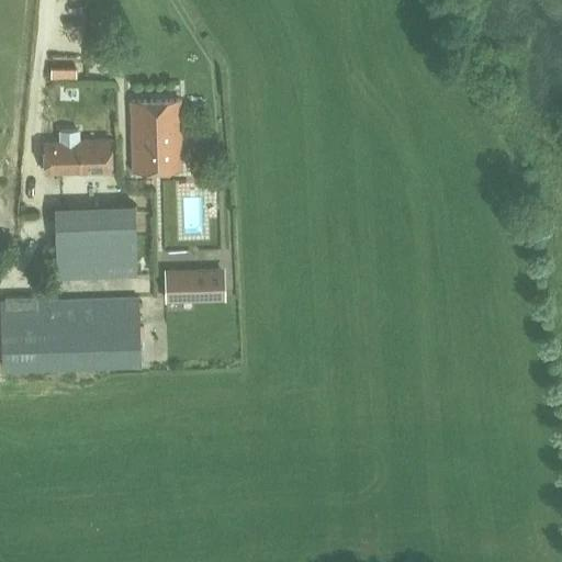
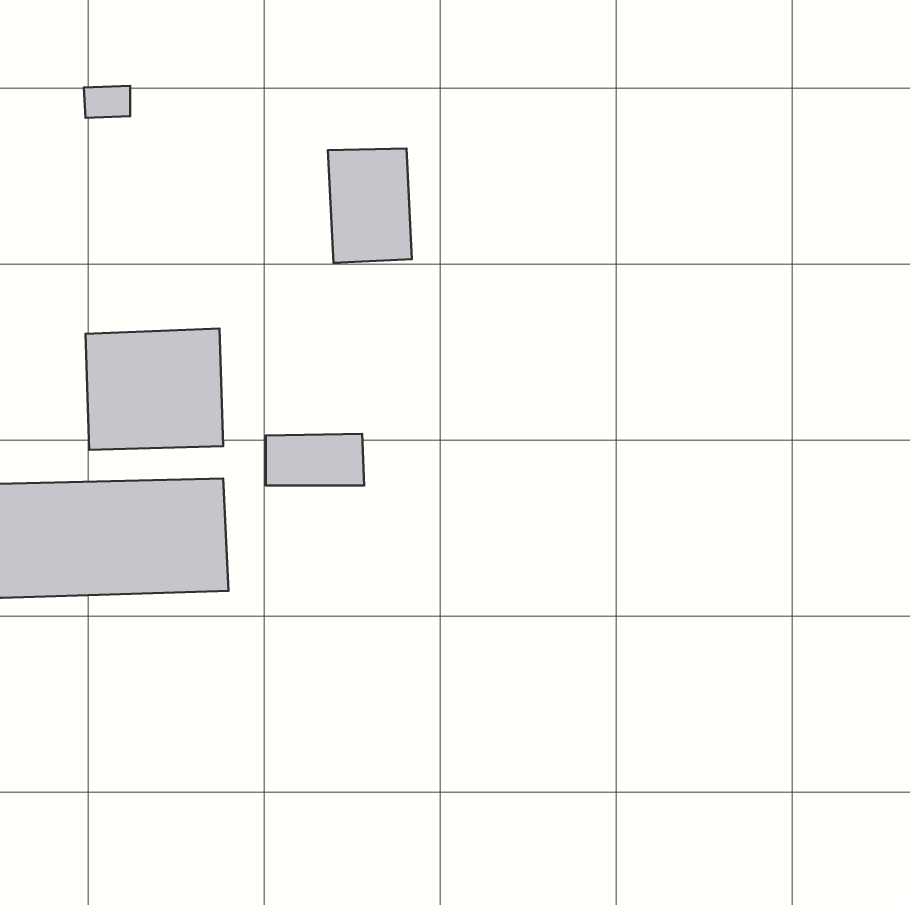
building: [130,103,181,173] -> [328,148,412,263]
building: [43,143,111,175] -> none

